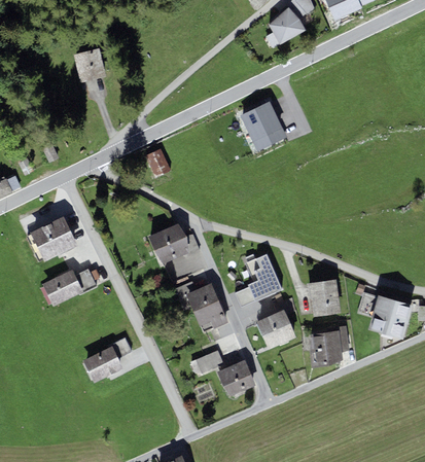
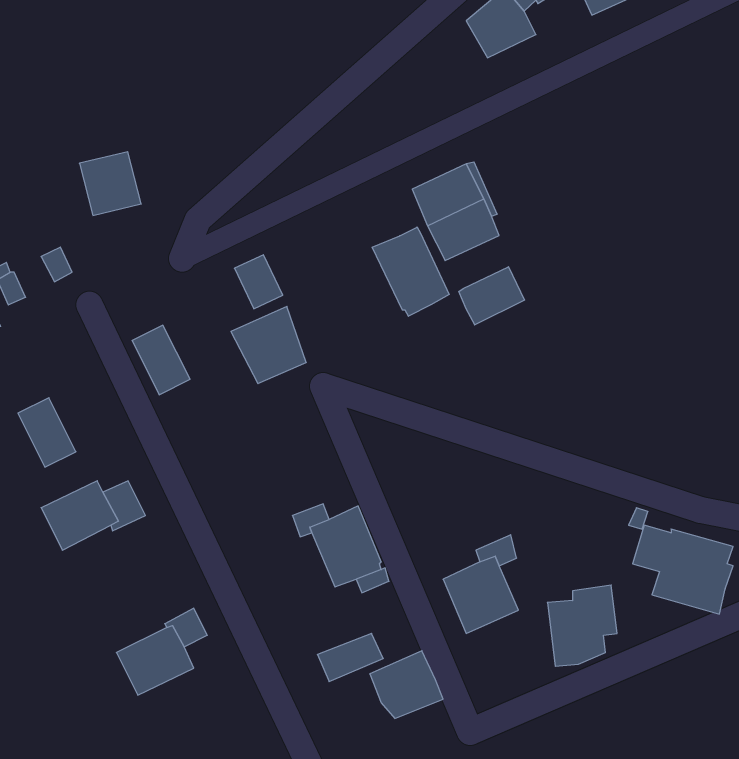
building: [72,48,105,82] -> [79,152,141,215]
building: none -> [372,227,449,316]
building: none -> [459,267,525,325]
building: [45,216,76,253] -> [132,325,190,395]
building: [147,222,187,263] -> [231,306,306,384]
building: [235,253,282,308] -> none
building: [306,279,340,318] -> none

